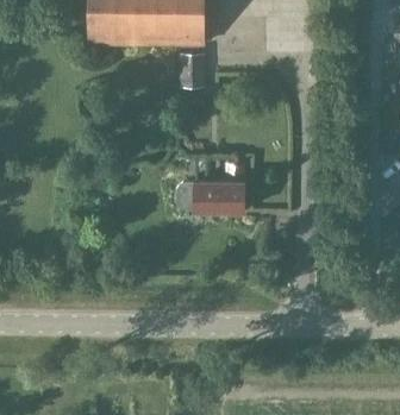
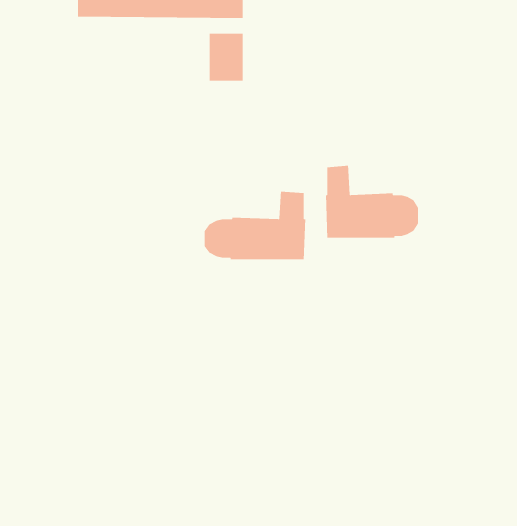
building: none -> [325,165,419,239]

